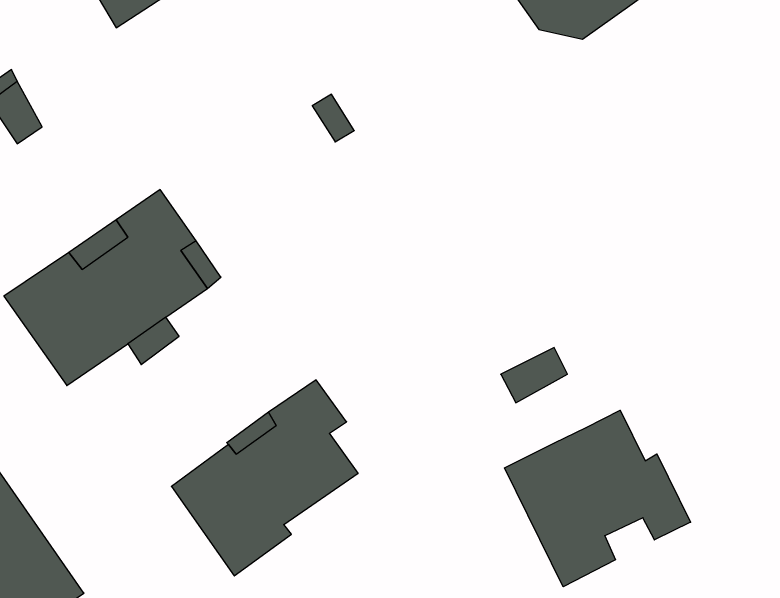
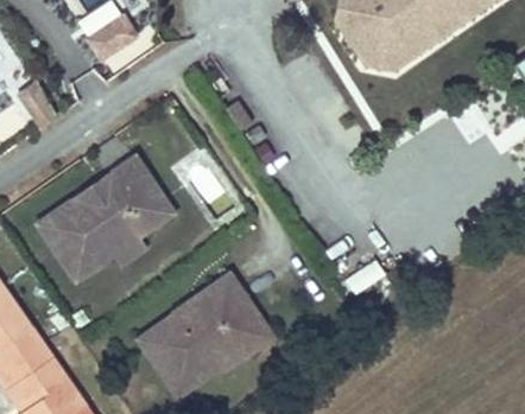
building: [505,410,691,587] -> none
building: none -> [210,300,274,376]

